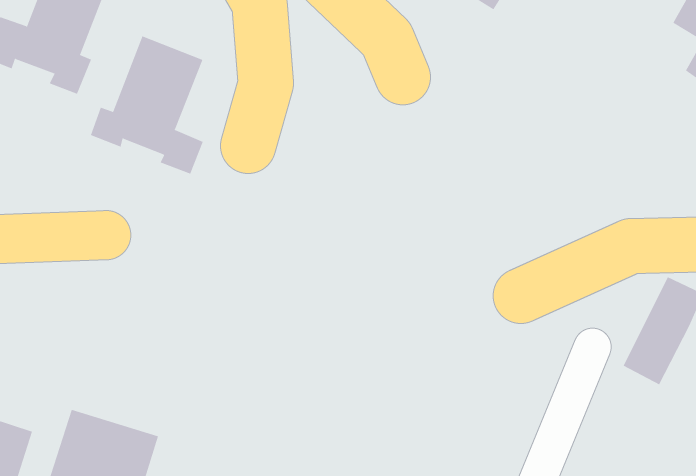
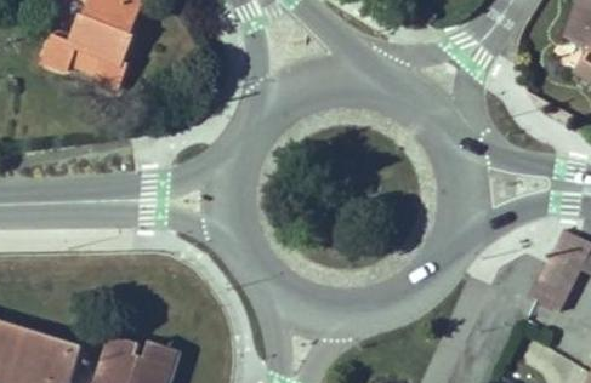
building: [90,36,204,175] -> none

